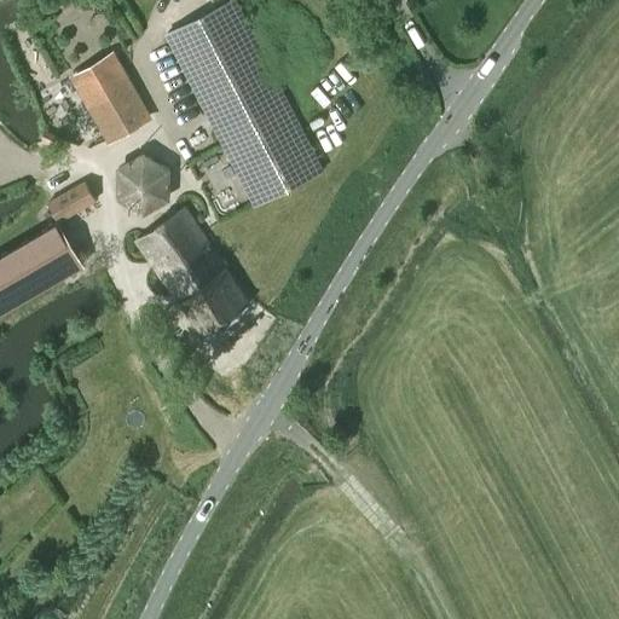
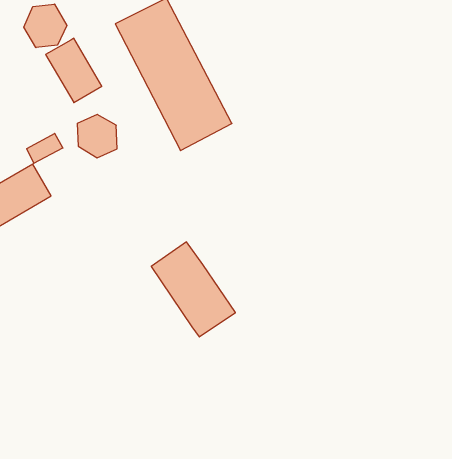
building: none -> [24,4,67,48]
building: [138,210,250,337] -> [151,242,235,337]

